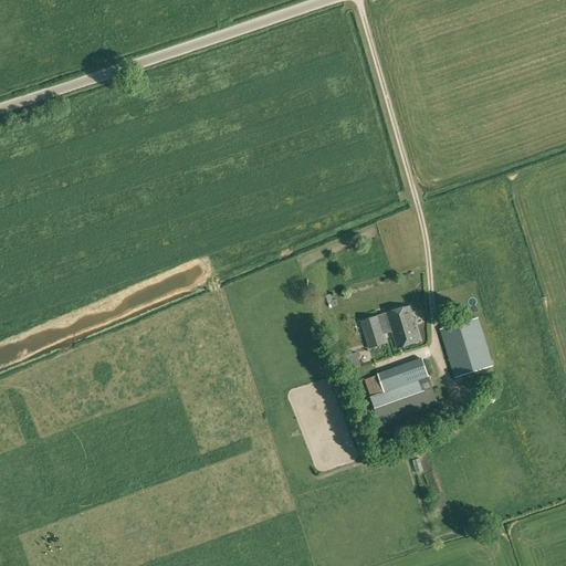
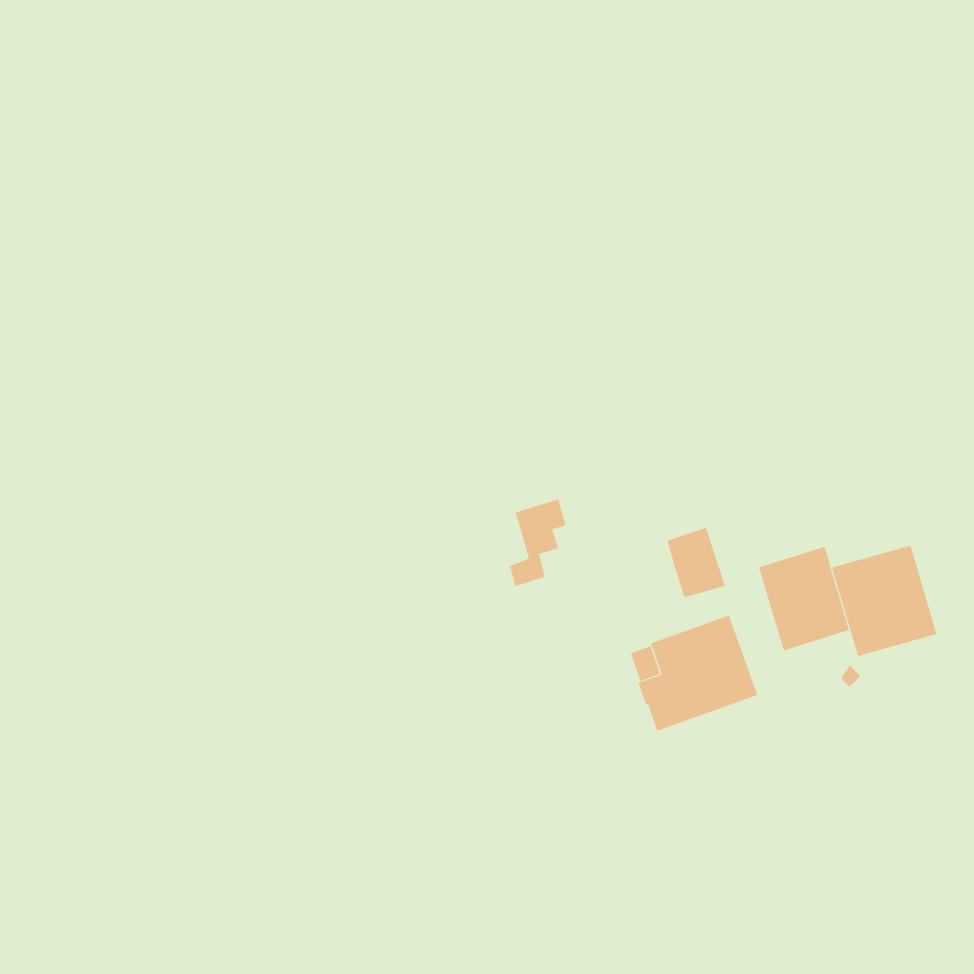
building: [357,313,390,364] -> [509,499,566,587]
building: none -> [831,545,937,657]

